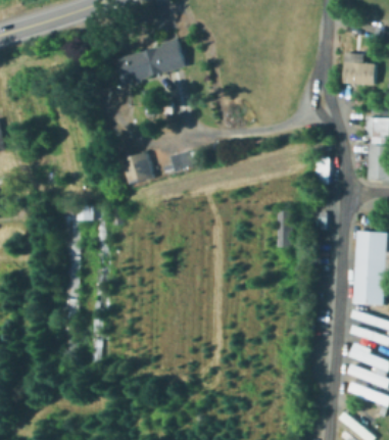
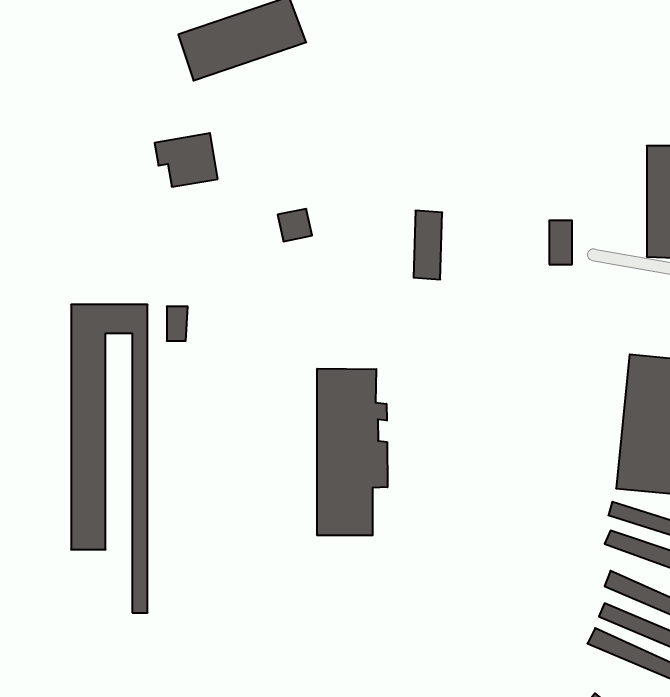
building: [345,54,376,86] -> none
building: [118,154,152,183] -> [155,133,218,187]
building: [277,210,292,247] -> [414,211,442,279]
building: none -> [317,369,387,535]

